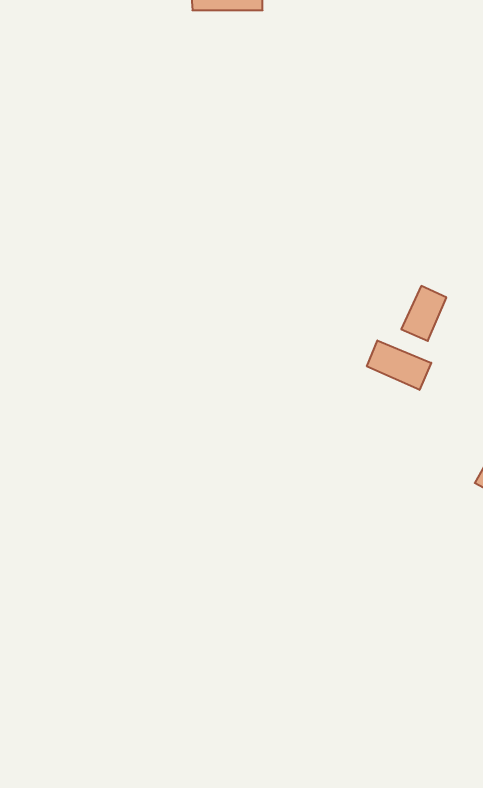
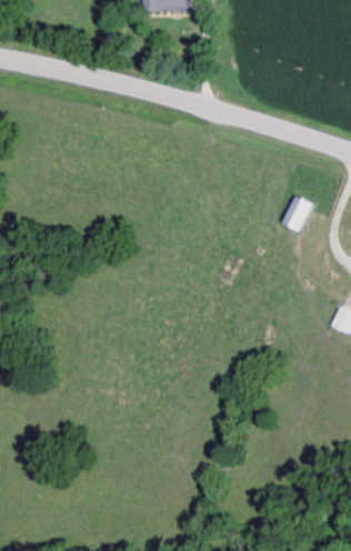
building: [367,340,431,390] -> none

